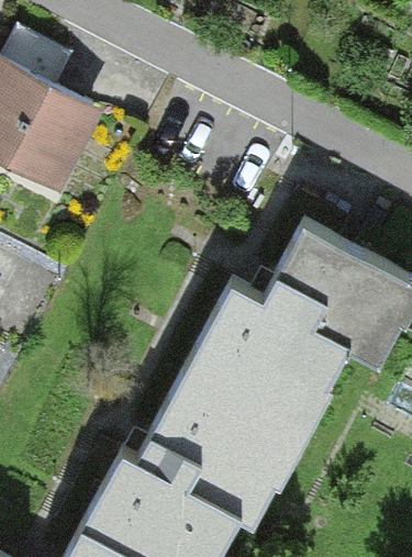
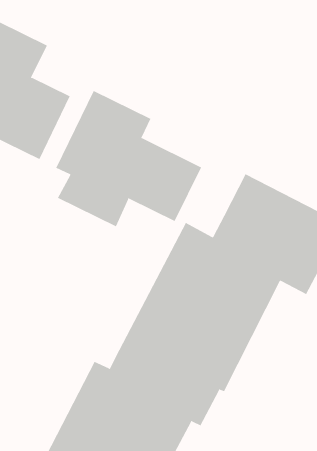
building: none -> [55,90,202,227]

